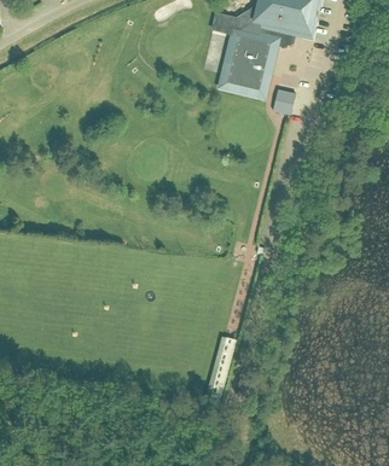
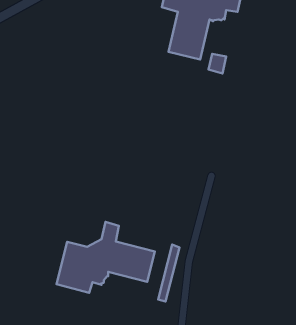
building: none -> [57,222,155,293]

